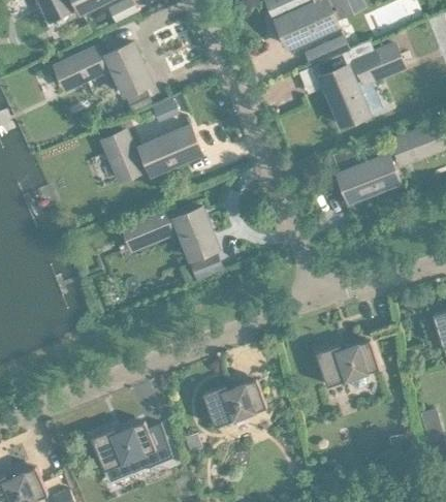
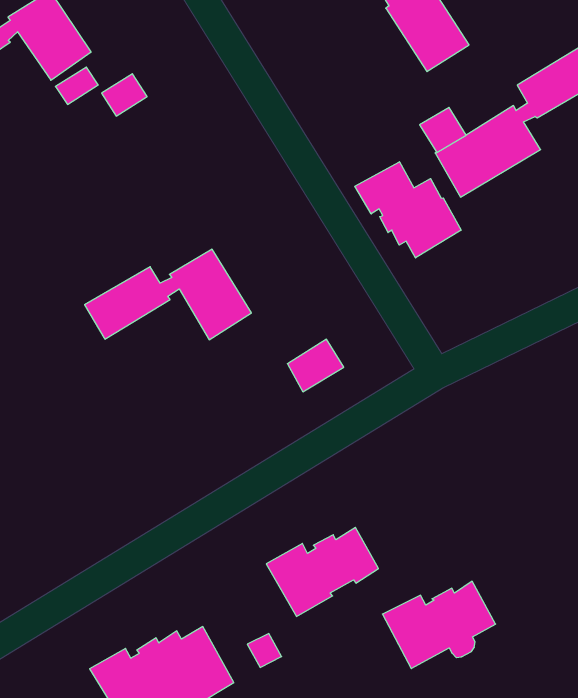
building: [103,126,200,181] -> none
building: none -> [355,162,461,258]
building: [190,252,222,280] -> [287,339,344,392]
building: [314,342,378,386] -> [382,581,496,669]

